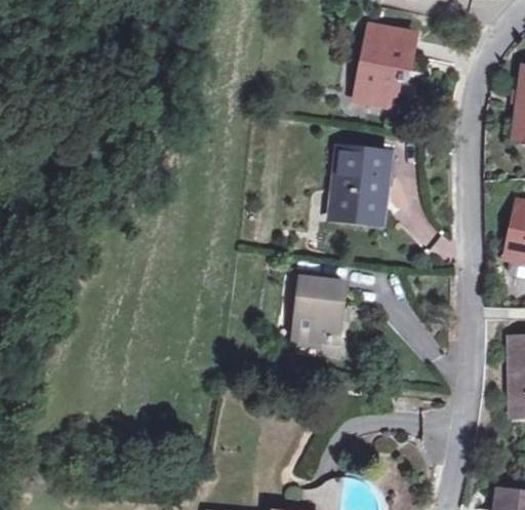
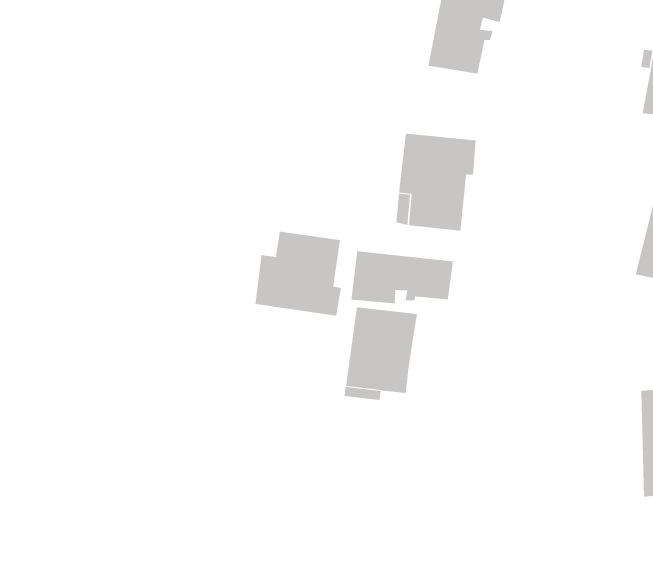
building: none -> [255,231,342,317]
building: none -> [351,251,454,304]

